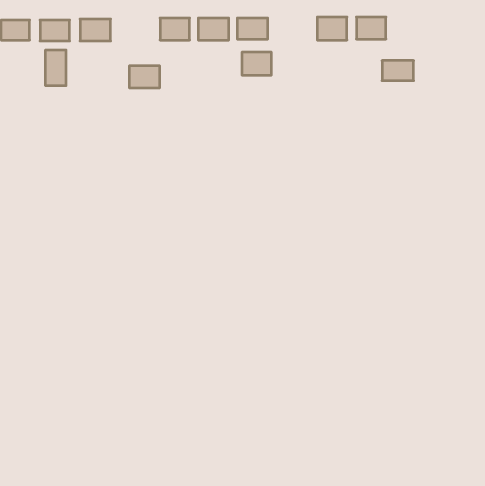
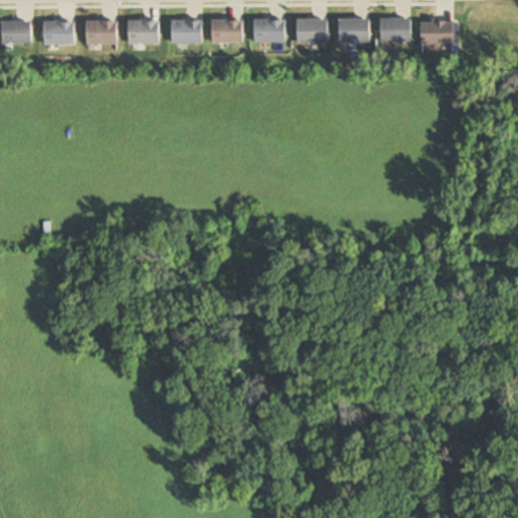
building: [46,50,66,86] -> none
building: [242,52,271,75] -> [295,18,327,42]
building: [382,61,414,81] -> [420,21,453,42]
building: [129,66,160,88] -> [126,20,159,44]

